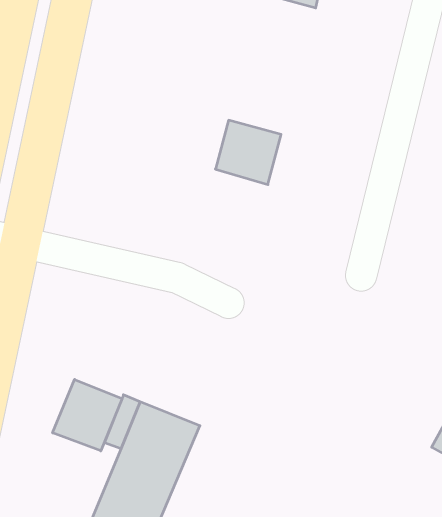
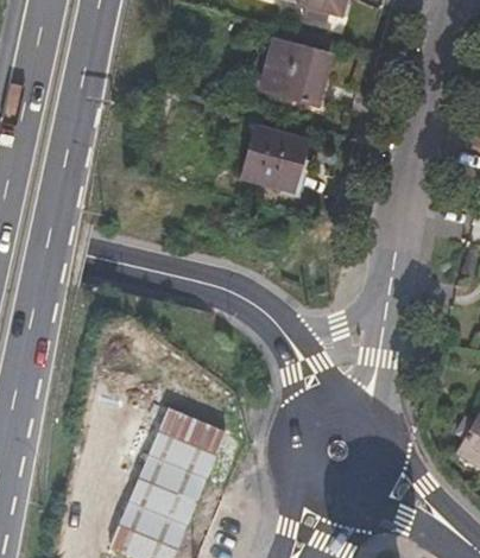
building: none -> [261,39,331,104]
building: [53,379,122,451] -> none

